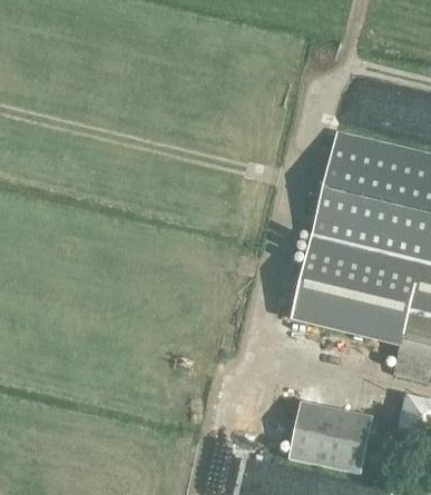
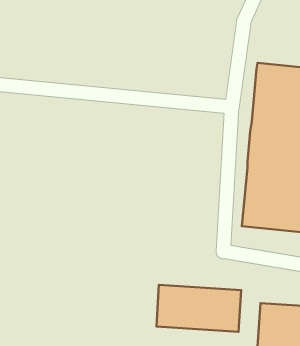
building: none -> [156,285,241,332]

